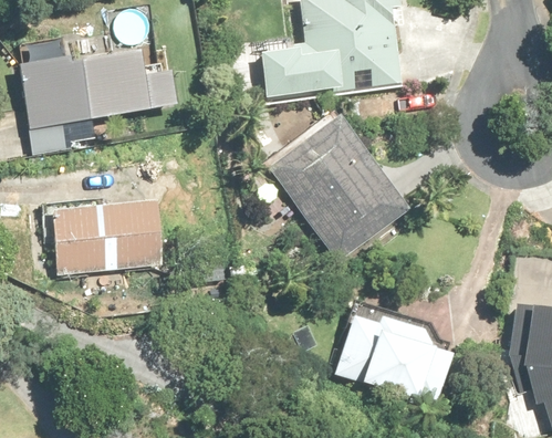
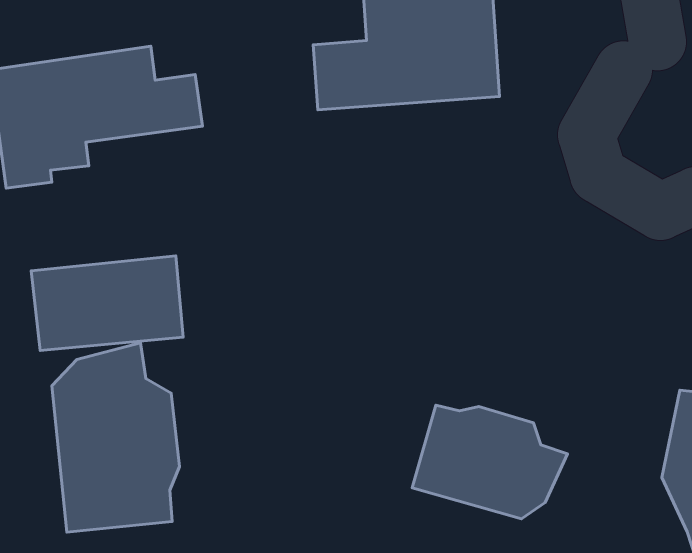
building: [262,110,408,261] -> none
building: none -> [52,343,179,532]

